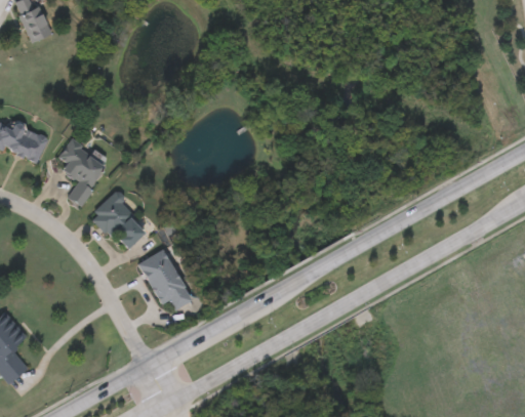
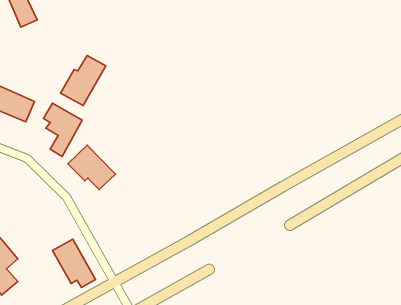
building: none -> [61,55,106,106]
building: [139,249,194,310] -> [53,239,95,288]

